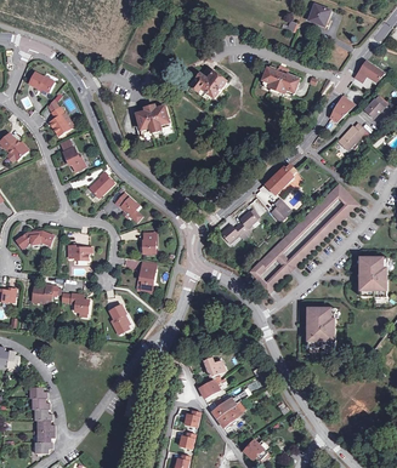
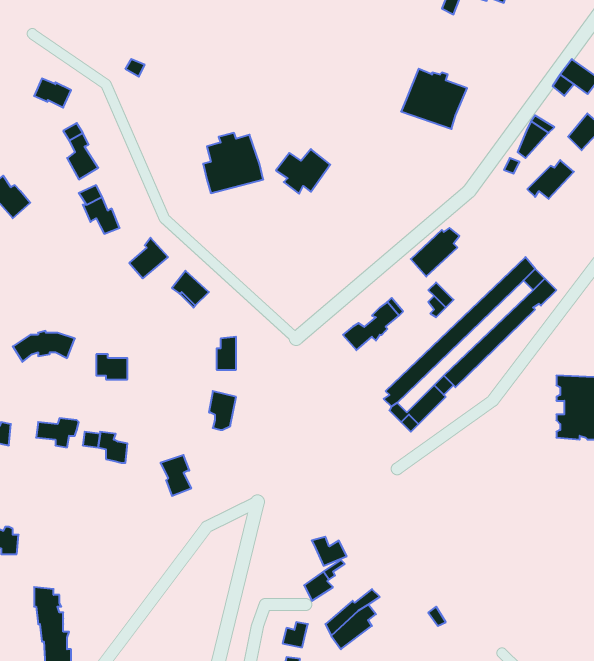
building: [193,72,227,99] -> [276,149,330,194]
building: [308,307,338,346] -> none

